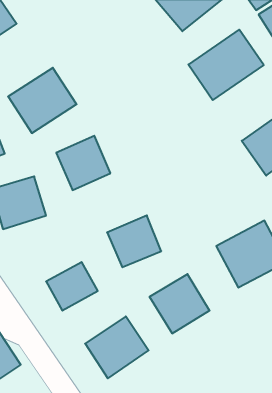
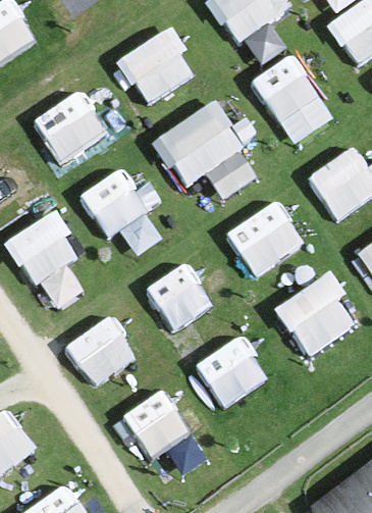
building: none -> [119,31,195,101]
building: none -> [154,103,246,190]
building: none -> [225,201,306,278]

